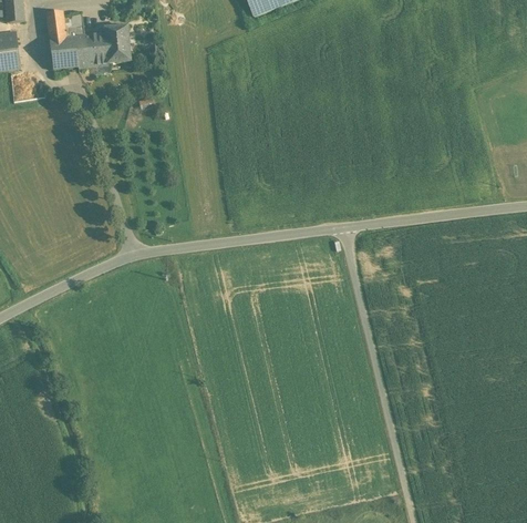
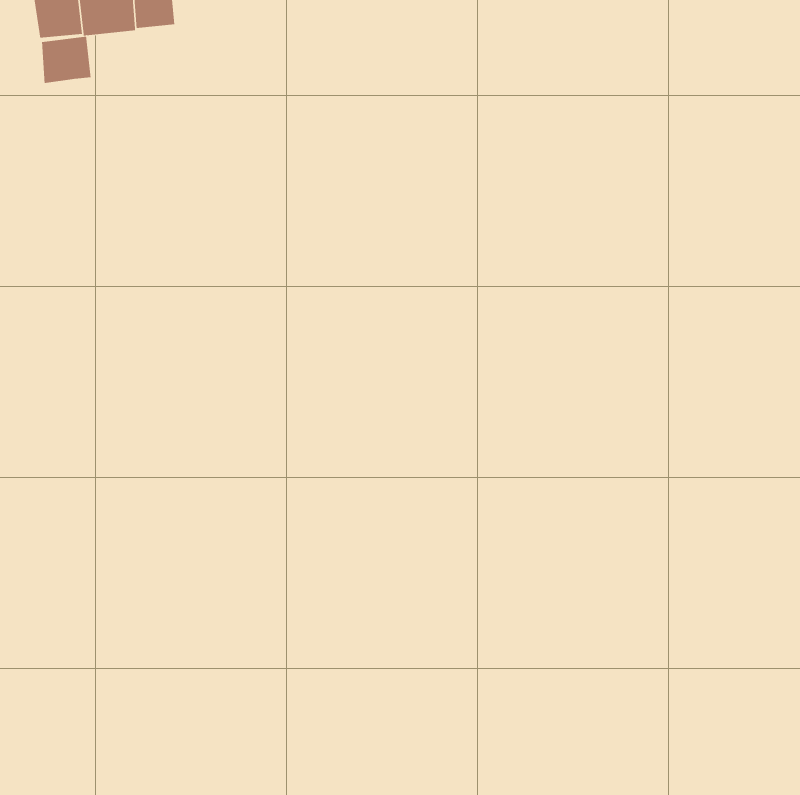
building: none -> [42,36,91,84]

